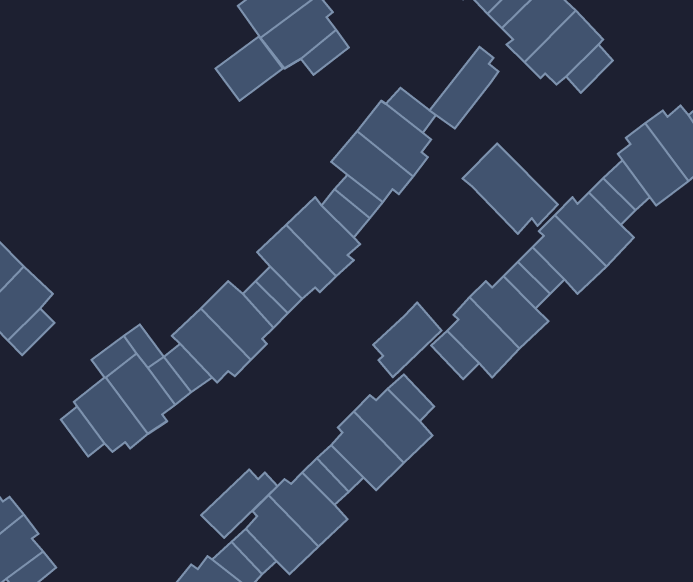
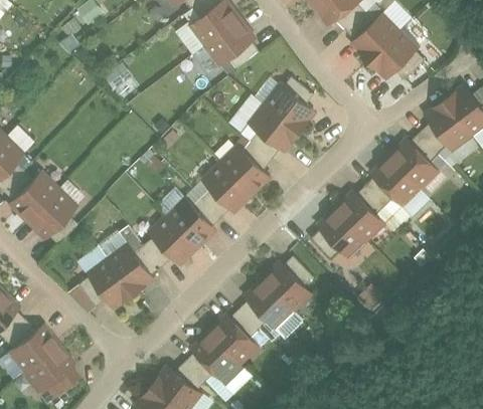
building: [430,47,498,129] -> none
building: [463,143,558,234] -> none
building: [373,303,442,377] -> none
building: [201,470,278,538] -> none

